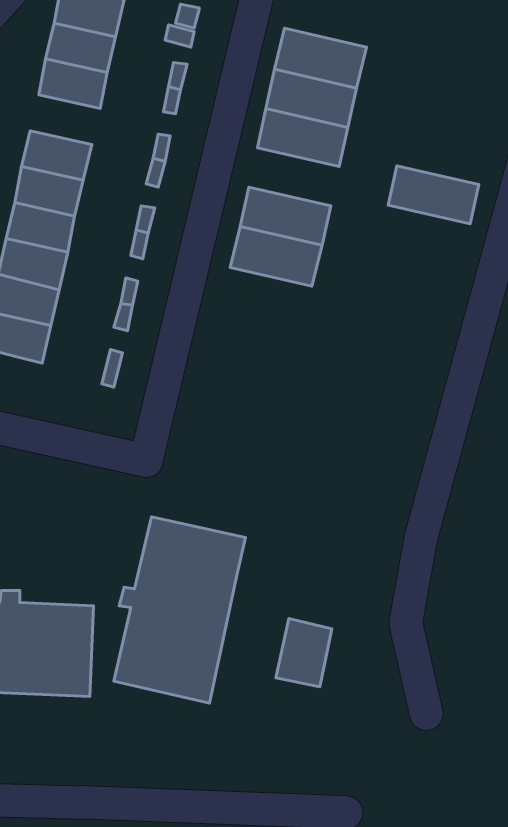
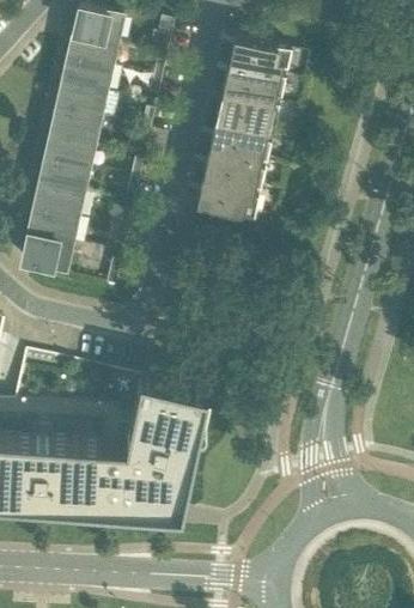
building: none -> [54,90,103,124]
building: [388,166,479,224] -> [207,127,270,168]
building: [276,618,332,687] -> none

